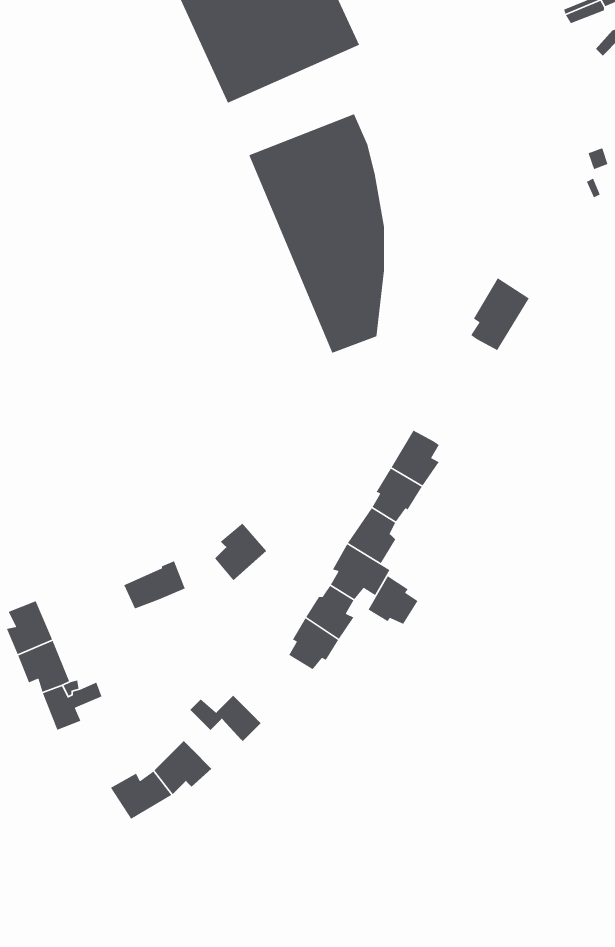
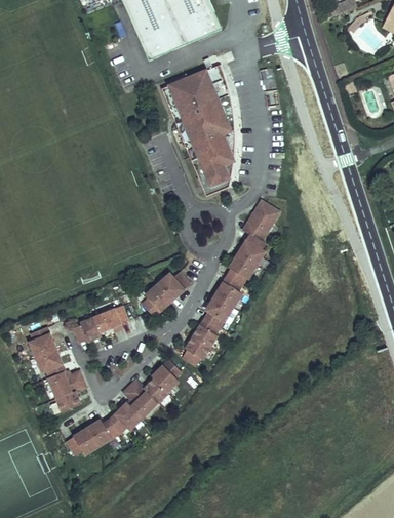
building: [471,277,530,351] -> [246,201,278,241]
building: none -> [157,273,189,301]
building: [367,575,418,625] -> none
building: none -> [72,317,101,344]
building: none -> [151,360,178,392]
building: none -> [54,380,84,412]
building: none -> [123,387,156,419]
building: none -> [65,429,96,455]

